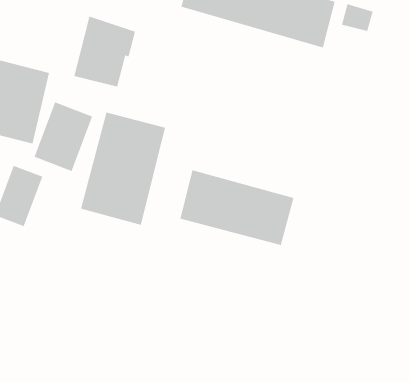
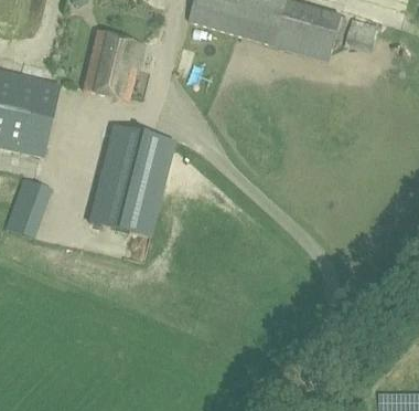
building: [34,101,93,172] -> none
building: [180,169,294,246] -> none

